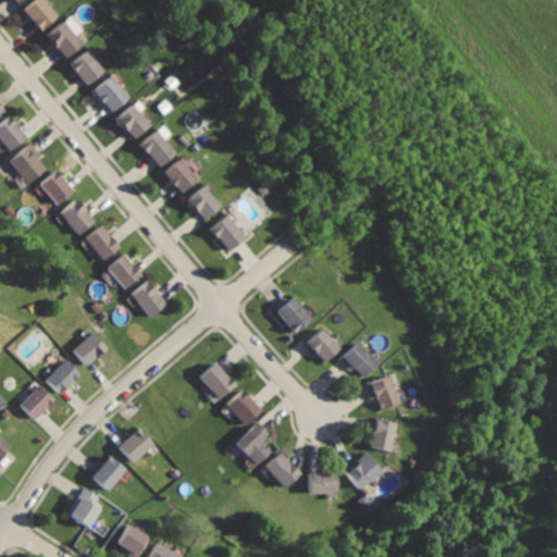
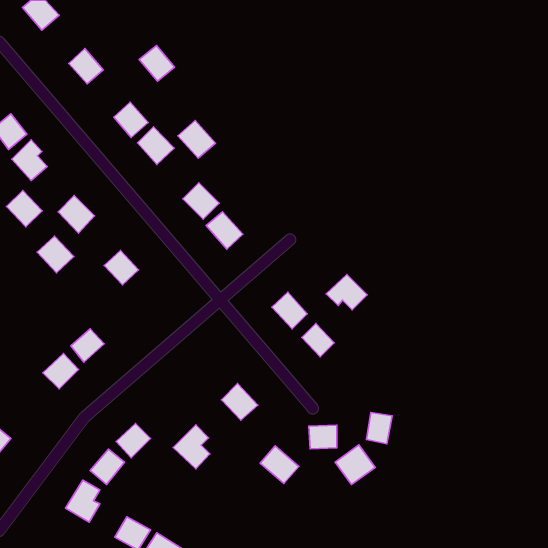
building: [49,22,84,58] -> none
building: [94,77,129,113] -> [139,46,175,81]
building: [162,158,200,196] -> [178,121,215,158]
building: [39,169,75,206] -> [7,190,42,227]
building: [84,225,121,262] -> [37,236,74,273]
building: [129,280,170,320] -> none
building: [336,342,377,377] -> [326,274,367,310]
building: [198,361,235,400] -> none
building: [362,375,399,410] -> none
building: [20,385,54,421] -> none
building: [234,422,271,467] -> [173,425,210,469]
building: [307,471,335,495] -> [309,425,337,449]

